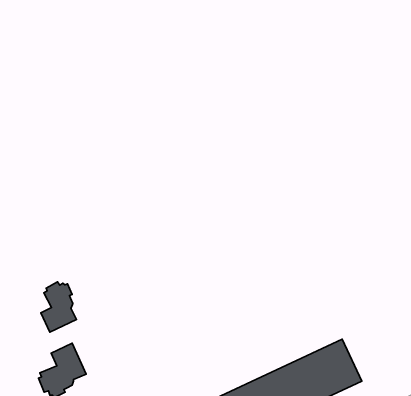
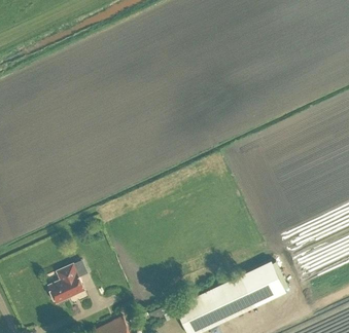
building: [41,282,76,332] -> none

